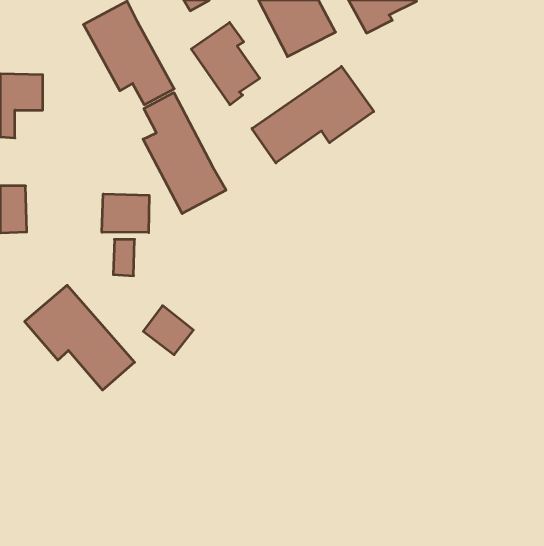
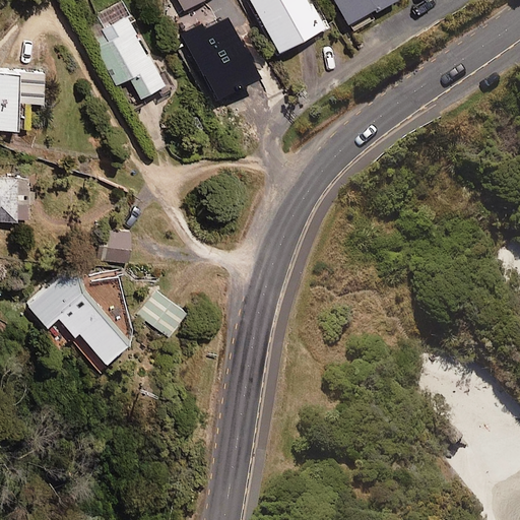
building: [252,66,374,163] -> none
building: [143,93,226,214] -> none
building: [102,194,149,233] -> none

